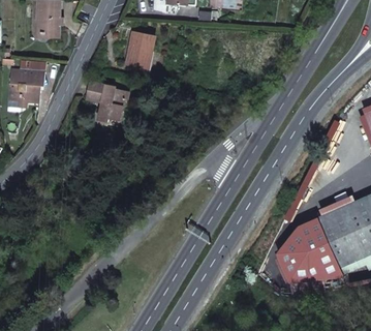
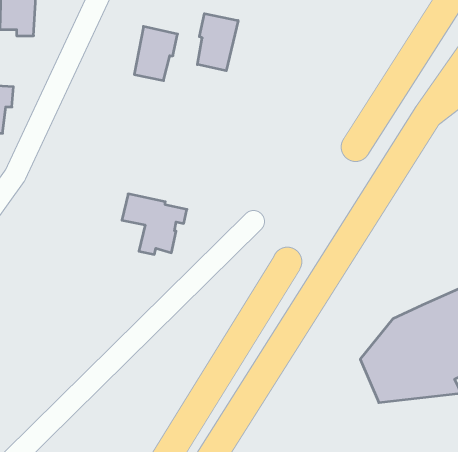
building: none -> [197,14,238,71]
building: [86,81,129,121] -> [122,194,187,254]

